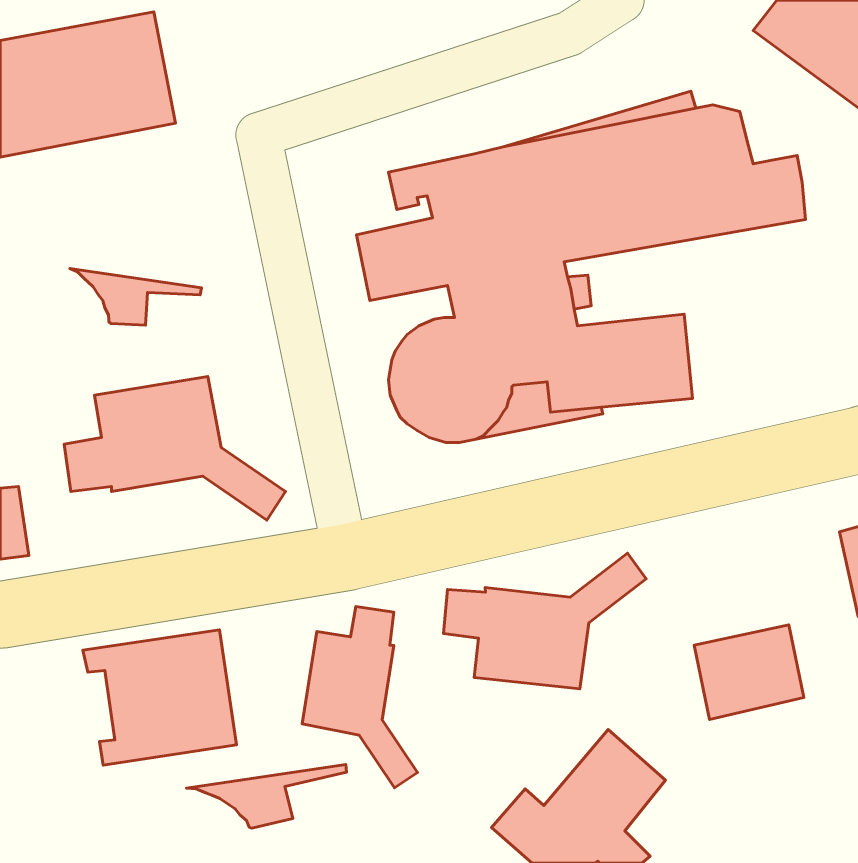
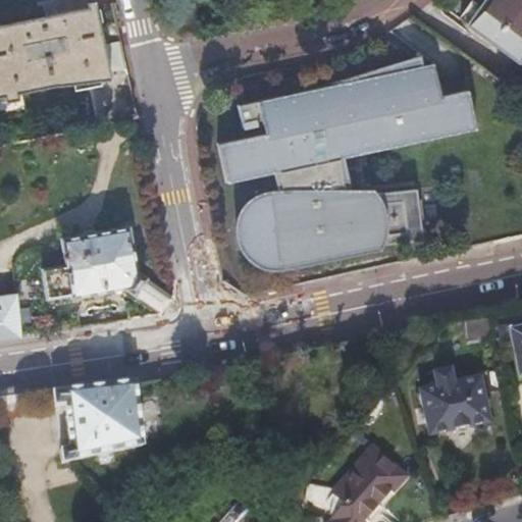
building: [70,268,201,325] -> none
building: [444,553,646,689] -> none
building: [302,607,418,788] -> none
building: [187,765,346,828] -> none

